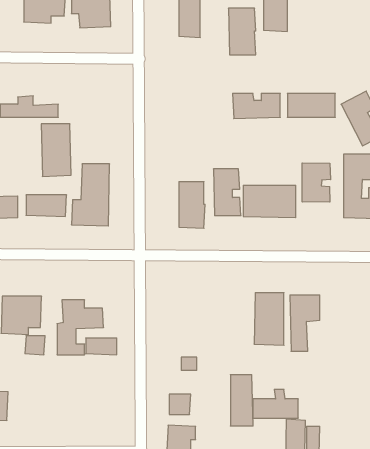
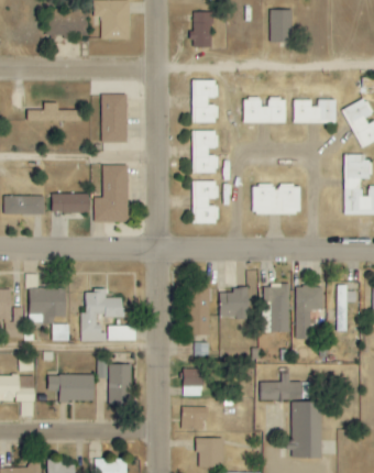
building: [228,8,256,55] -> [191,80,217,123]
building: [41,124,71,176] -> [100,95,128,143]
building: [302,163,331,202] -> none
building: [213,169,241,216] -> [191,131,217,174]
building: none -> [336,285,356,331]
building: none -> [220,287,249,318]
building: [230,375,253,426] -> [189,287,210,334]
building: none -> [108,363,132,404]
building: none -> [47,374,94,400]

